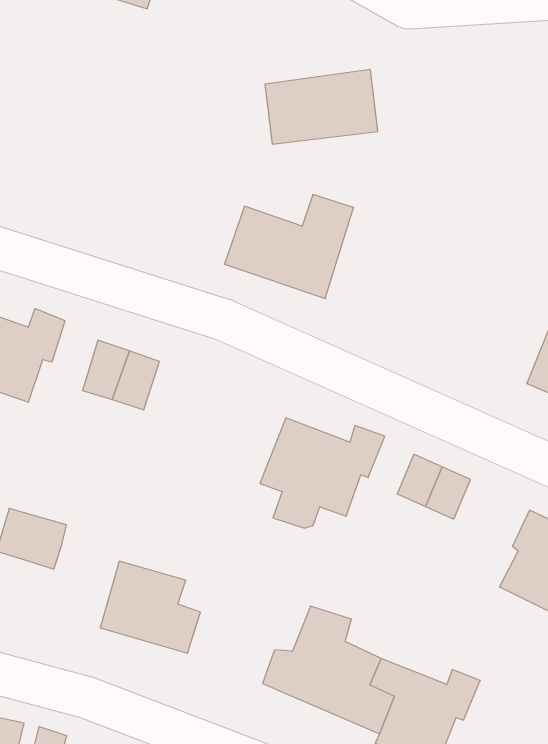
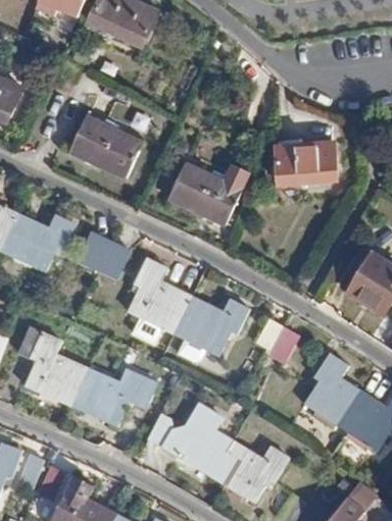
building: [265,70,378,144] -> [277,141,338,176]
building: none -> [71,122,142,181]
building: none -> [130,259,193,329]
building: none -> [27,351,88,401]
building: none -> [118,369,159,407]

